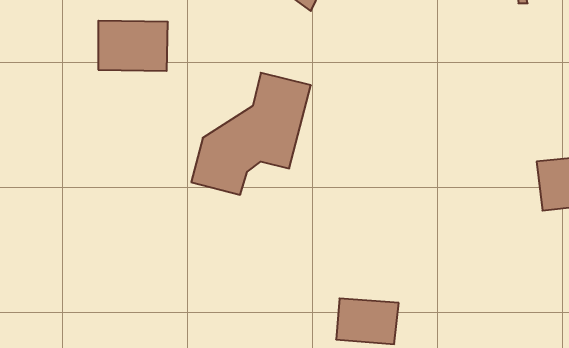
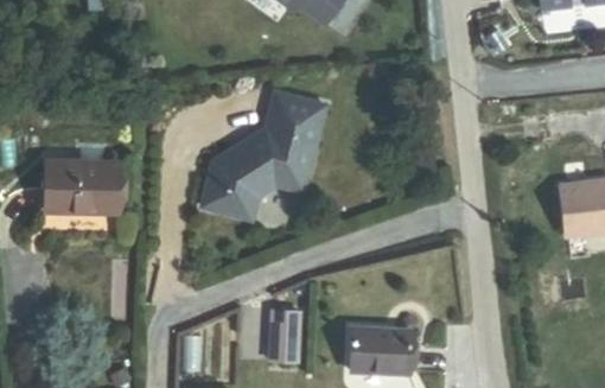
building: [98,21,168,71] -> [45,160,117,212]
building: none -> [269,311,299,361]

